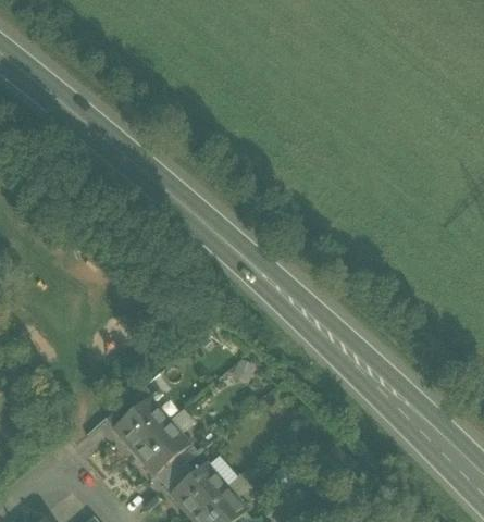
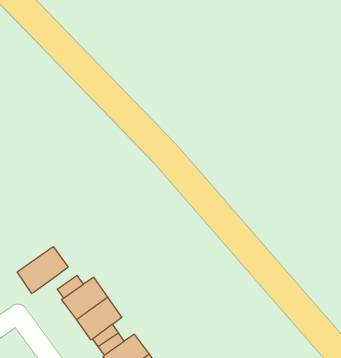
building: none -> [17,247,68,294]

